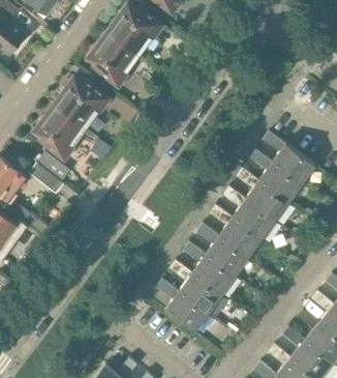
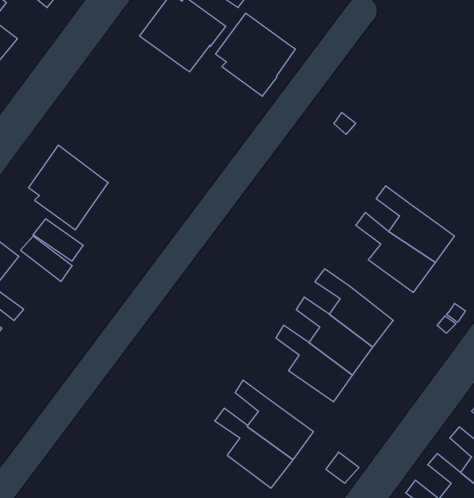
building: [87,33,140,88] -> [216,13,295,96]
building: [53,79,109,130] -> none
building: [236,169,287,222] -> none
building: [183,242,235,295] -> none

